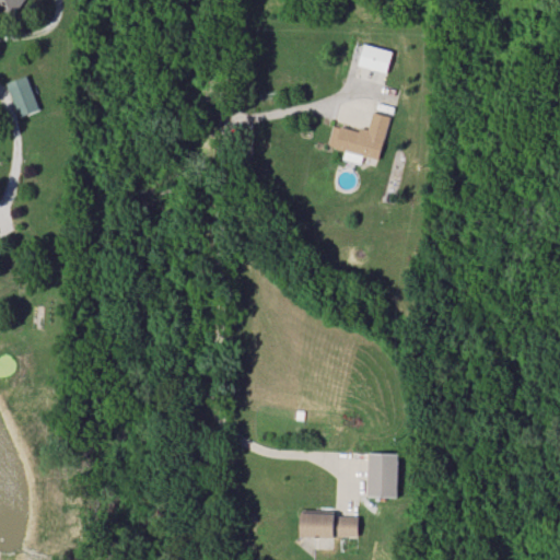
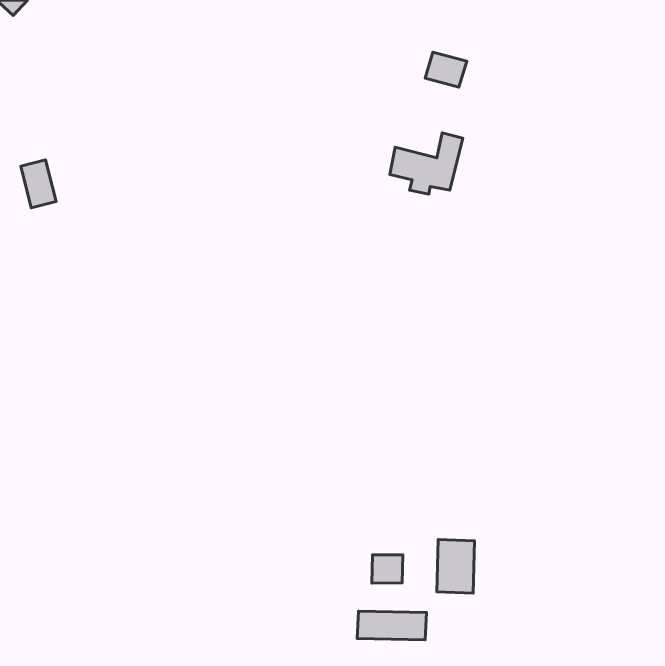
building: [8,75,37,116] -> [21,160,56,208]
building: none -> [372,555,403,583]

